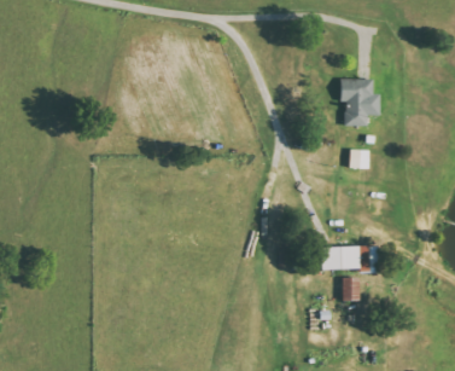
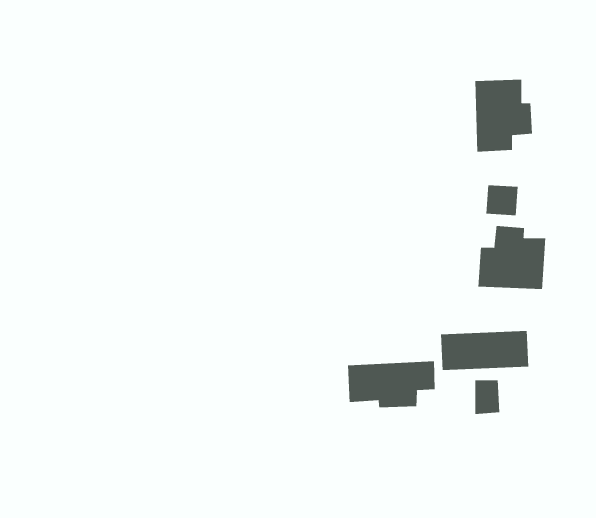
building: none -> [478,225,546,290]
building: none -> [347,361,435,408]

